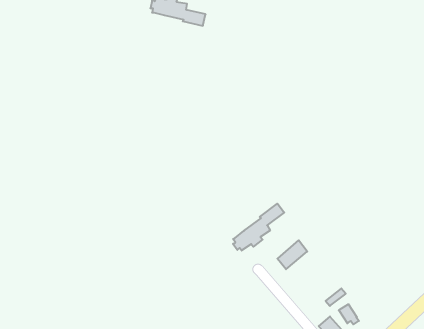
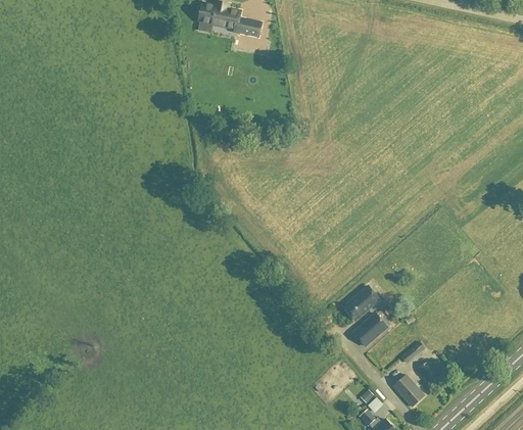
building: [233,204,284,251] -> none
building: none -> [352,314,386,345]

